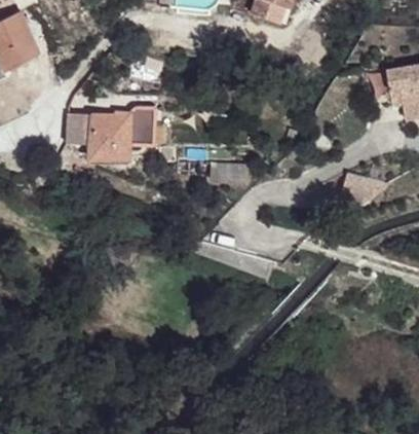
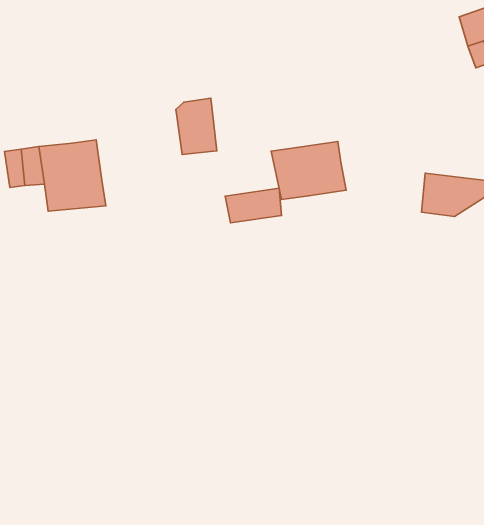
building: [130,110,155,146] -> [176,98,217,154]
building: none -> [271,142,346,200]

